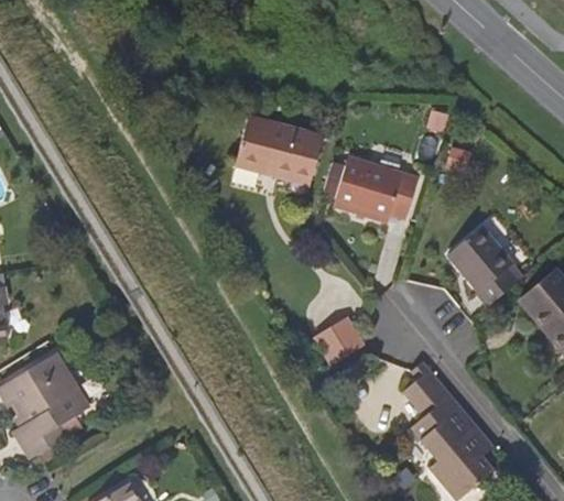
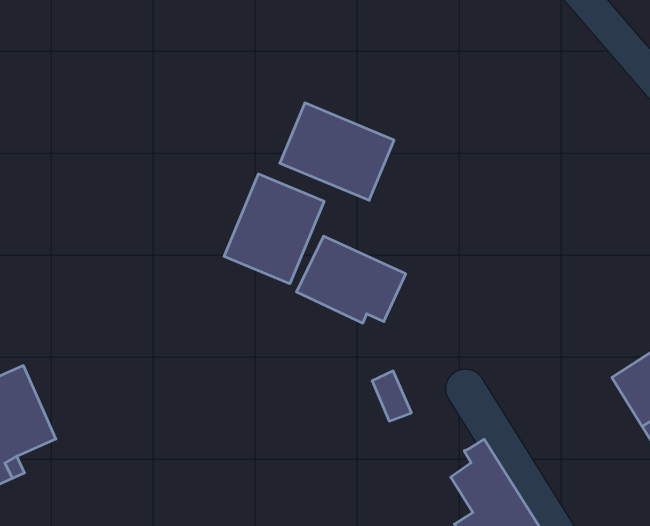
building: [336,152,420,216] -> [296,236,406,323]
building: none -> [224,174,324,284]
building: [447,226,518,307] -> none

